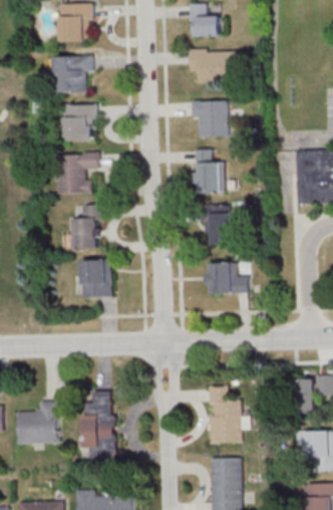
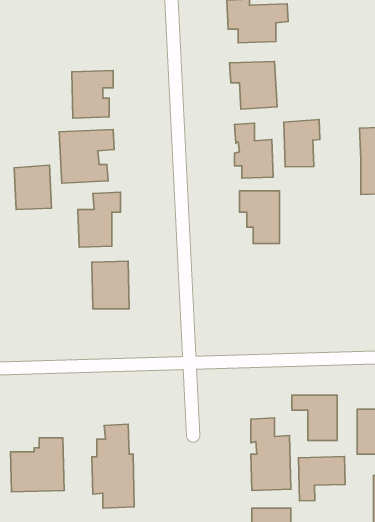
building: [51,55,93,94] -> none
building: none -> [284,120,320,167]
building: none -> [14,165,51,210]
building: [206,261,249,293] -> none
building: none -> [292,395,337,440]
building: none -> [299,457,345,501]

